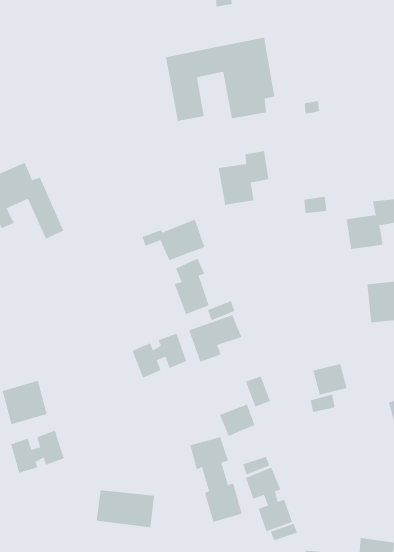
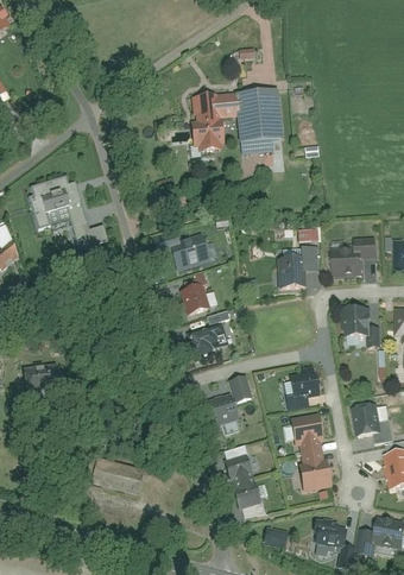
building: [218,151,269,205] -> [276,246,318,289]
building: [132,333,187,378] -> none
building: [10,430,64,473] -> none
building: [190,437,243,523] -> [292,418,332,491]

